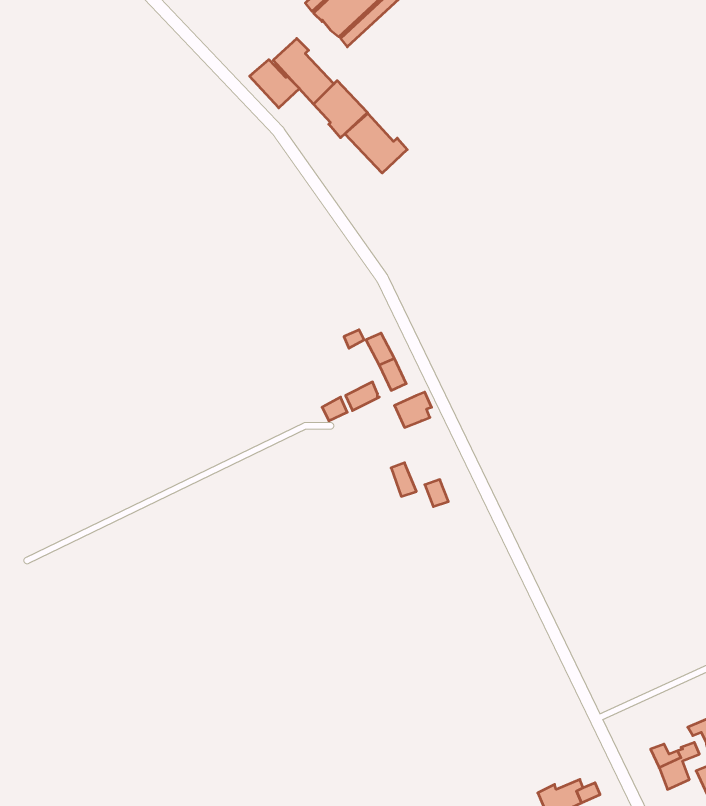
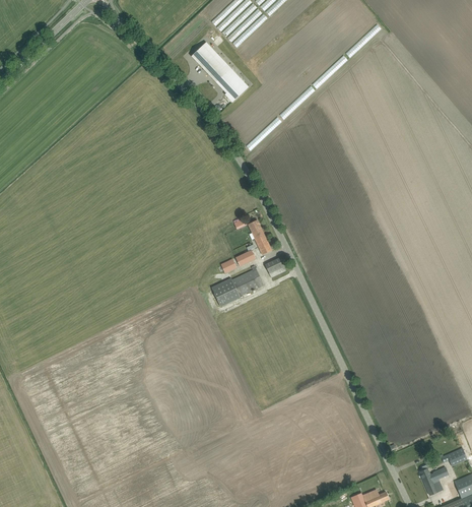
building: [250,60,299,108] -> none
building: [345,114,407,173] -> none
building: none -> [211,267,264,307]

